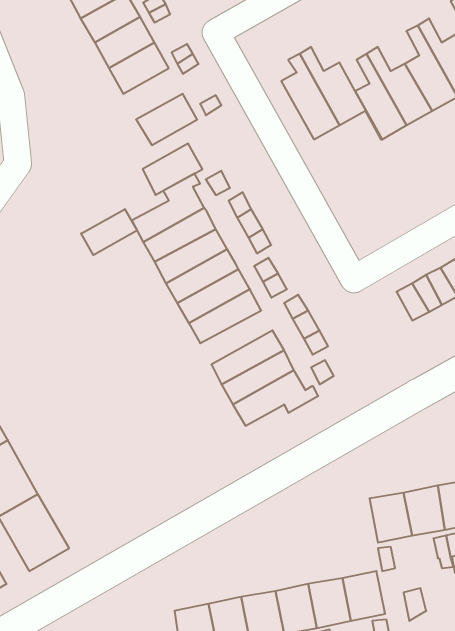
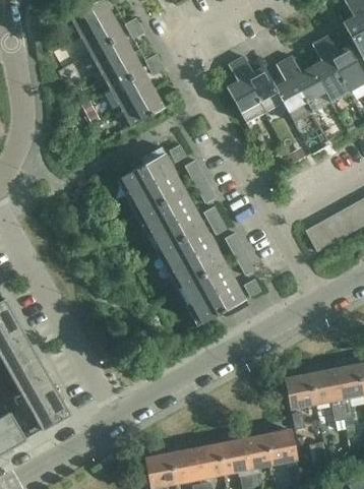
building: [143,144,202,195] -> [110,70,153,107]
building: [81,209,137,255] -> none
building: none -> [165,243,217,282]

